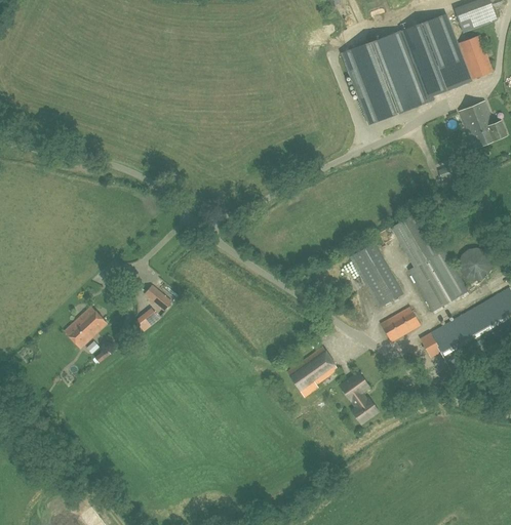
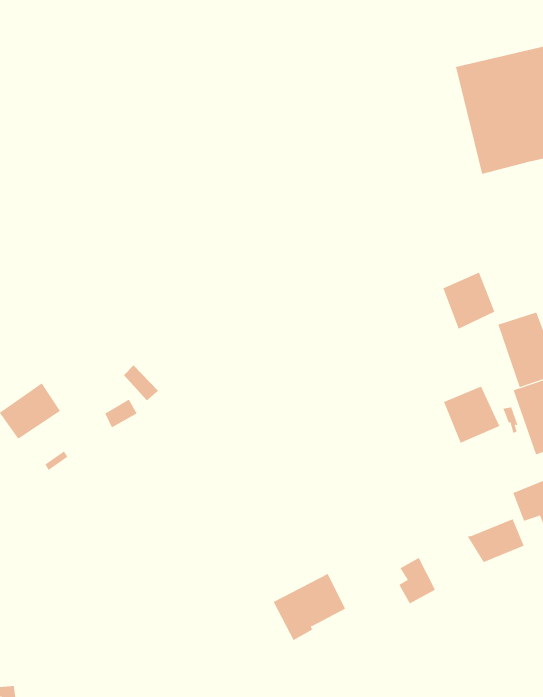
building: [350,241,388,282] -> [443,272,495,329]
building: [379,307,419,339] -> [467,519,525,563]
building: [287,346,338,395] -> [273,573,346,641]
building: [340,372,367,399] -> none

